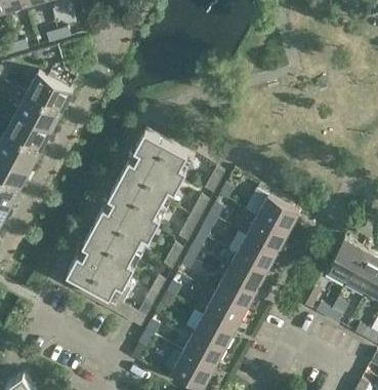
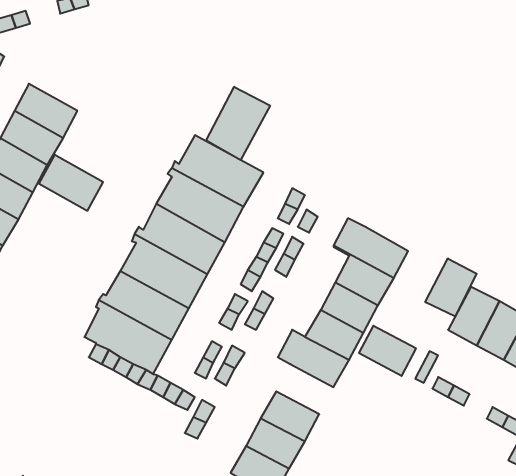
building: [27,72,73,112] -> [39,155,103,211]
building: none -> [206,87,270,160]
building: none -> [425,258,477,317]
building: [204,294,245,329] -> [359,326,416,376]

